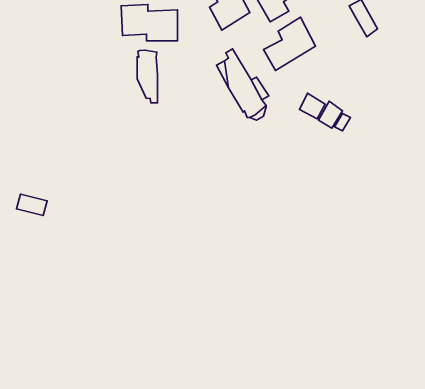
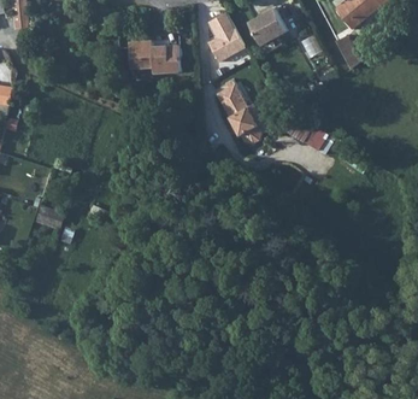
building: [264,17,316,70] -> none
building: [137,50,157,103] -> none

